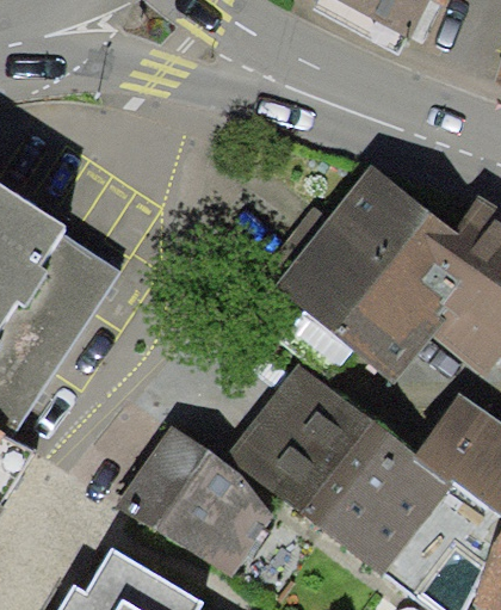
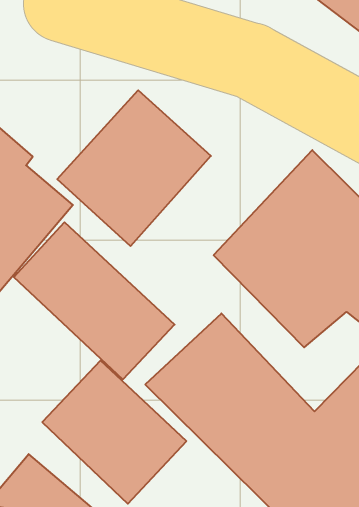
building: none -> [57,90,211,246]
building: none -> [14,222,175,379]

